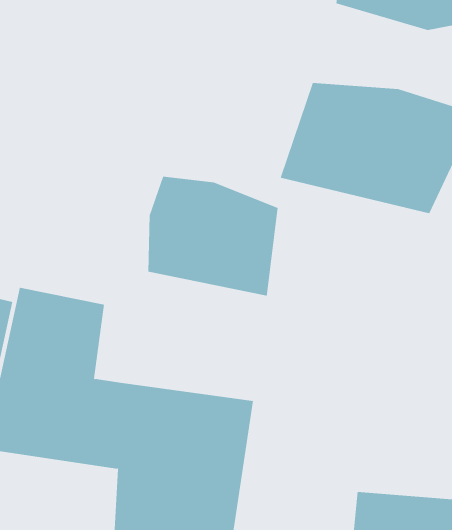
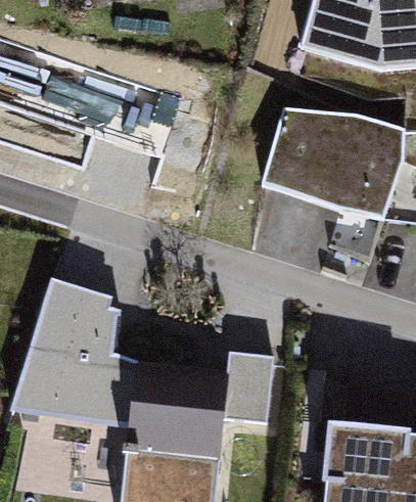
building: [148,176,278,296] -> none

